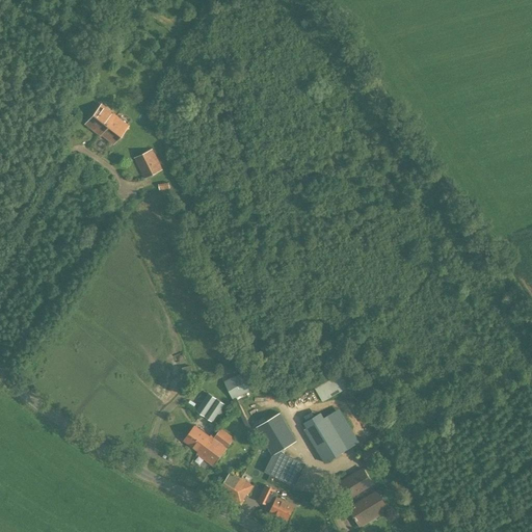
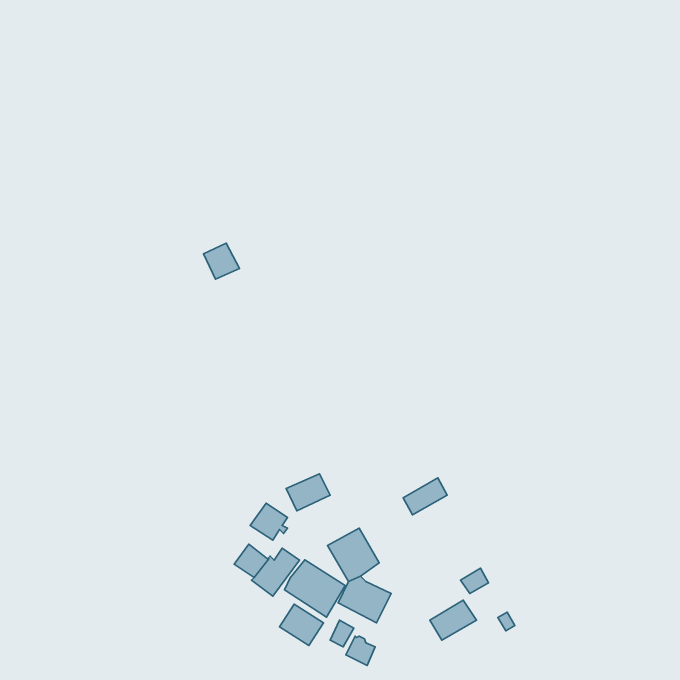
building: [85,105,128,144] -> none
building: [134,150,162,178] -> [204,243,240,279]
building: [305,410,358,462] -> none
building: none -> [285,560,345,617]
building: [349,490,385,525] -> none

